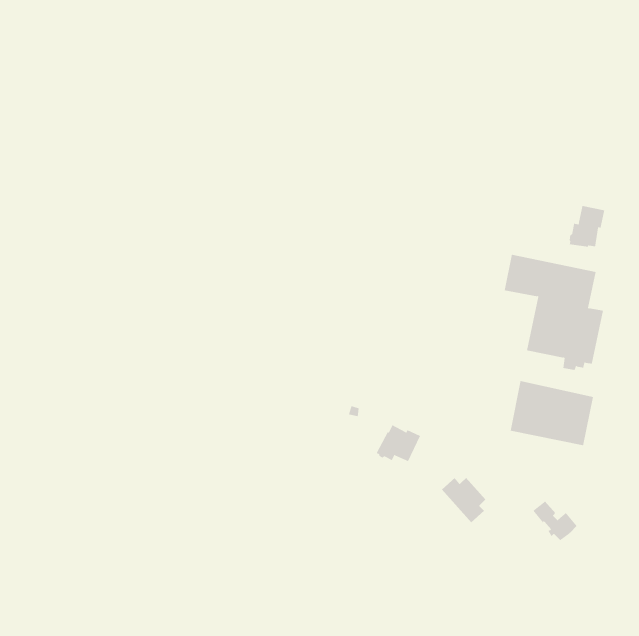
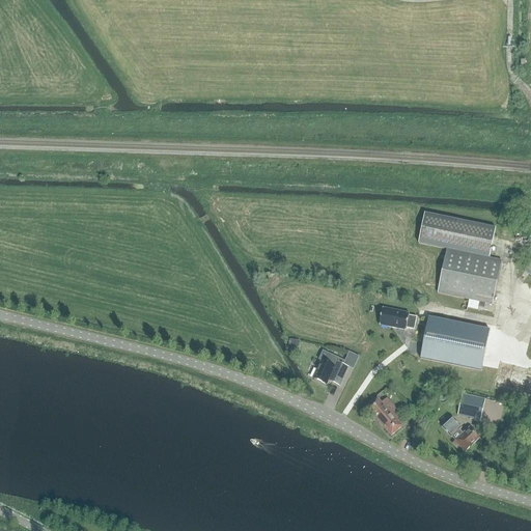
building: [569,205,605,247] -> none
building: none -> [378,305,415,328]
building: none -> [456,392,483,418]

